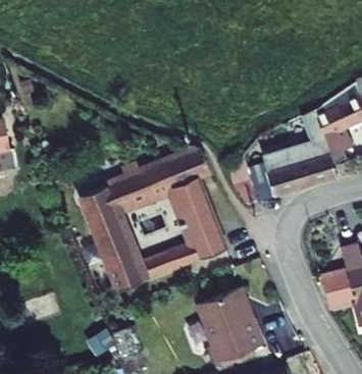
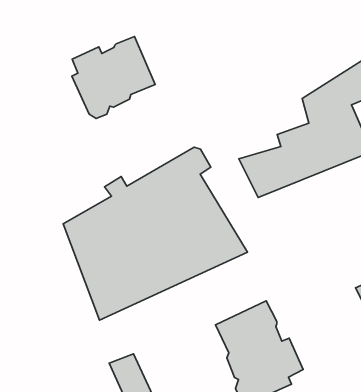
building: none -> [72,37,155,119]

